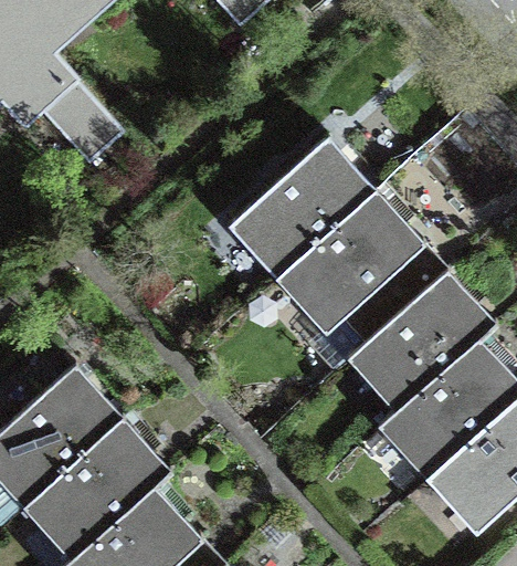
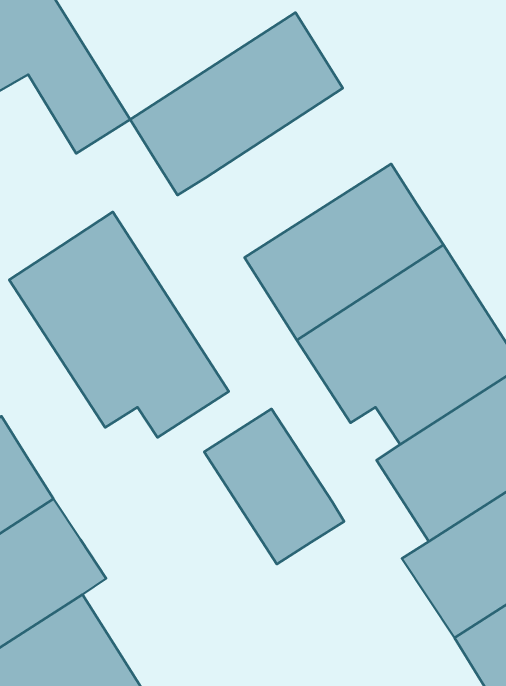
building: none -> [130,13,343,195]
building: none -> [9,212,229,437]
building: none -> [204,409,344,564]

